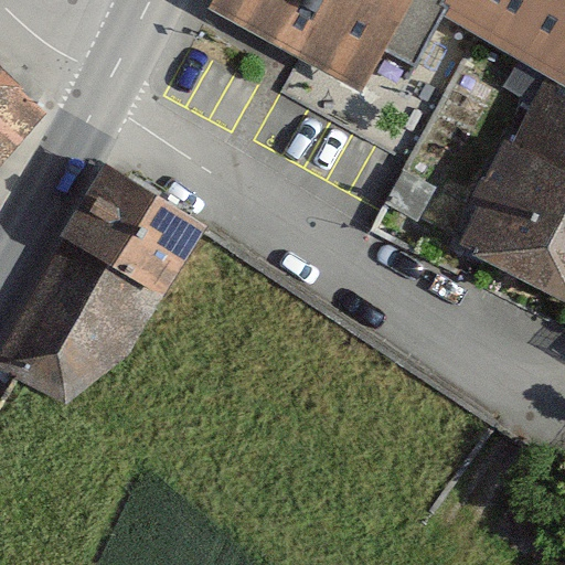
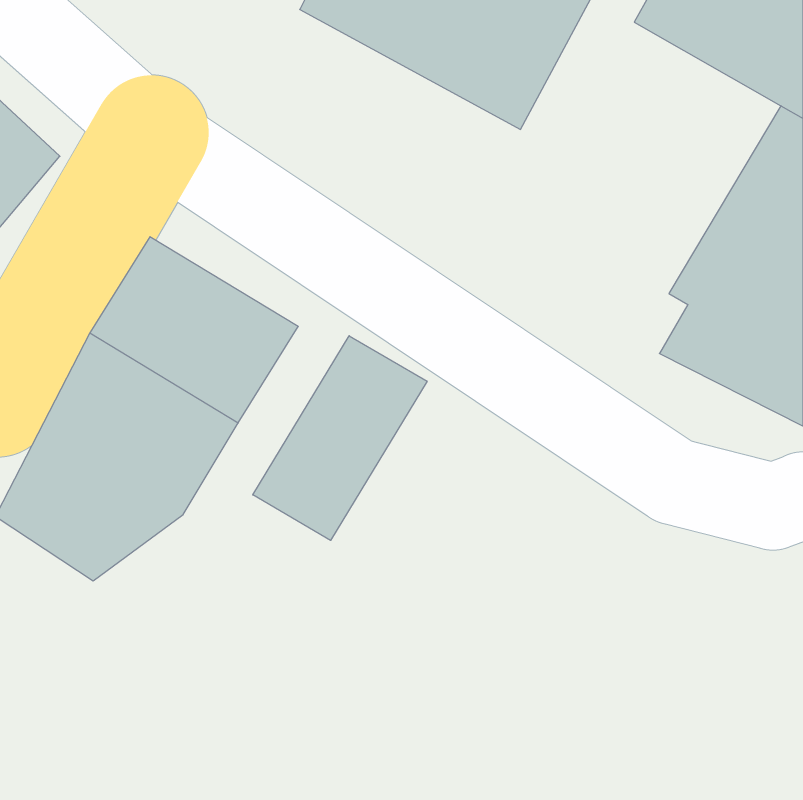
building: none -> [253,336,427,540]

